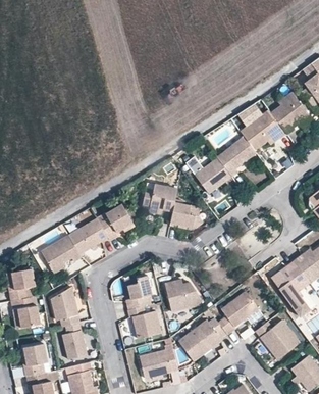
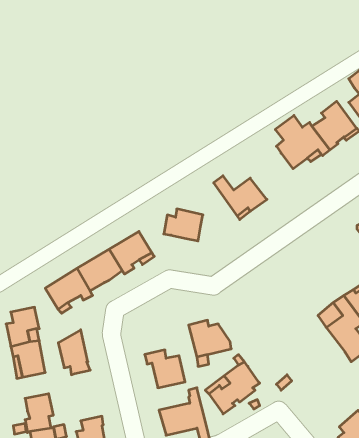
building: [215,136,255,176] -> none
building: [168,199,202,229] -> none
building: [123,276,150,309] -> none
building: [214,289,260,333] -> none
building: [255,322,300,360] -> none
building: [60,323,86,359] -> none

